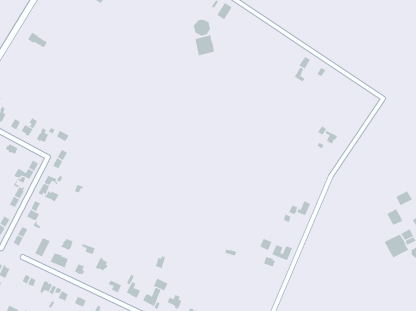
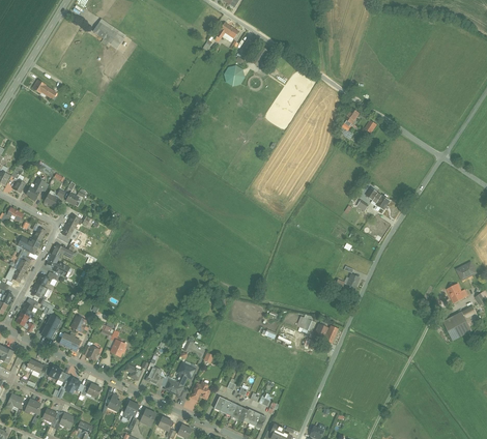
building: [195,34,214,56] -> none

